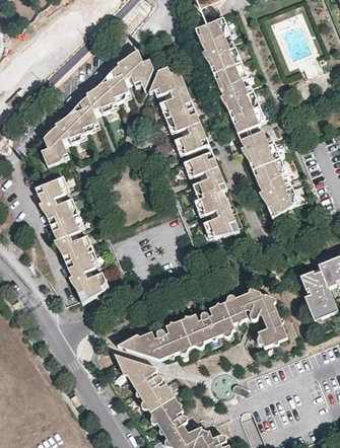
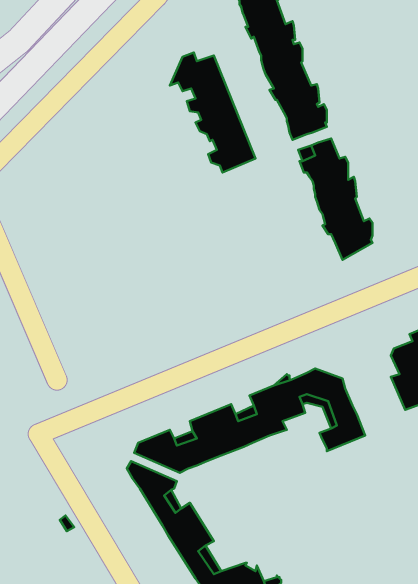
building: [38,49,151,164] -> none
building: [182,148,236,233] -> none
building: [38,179,107,304] -> none

